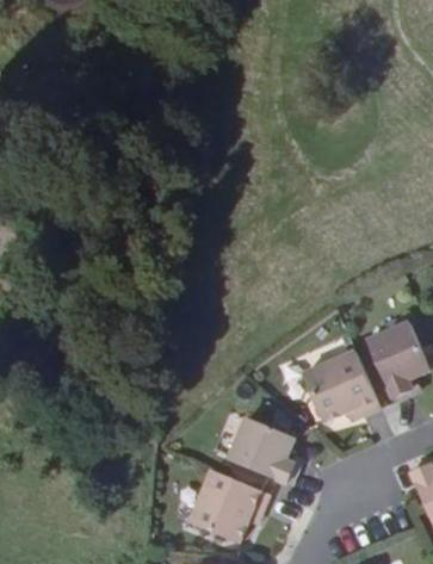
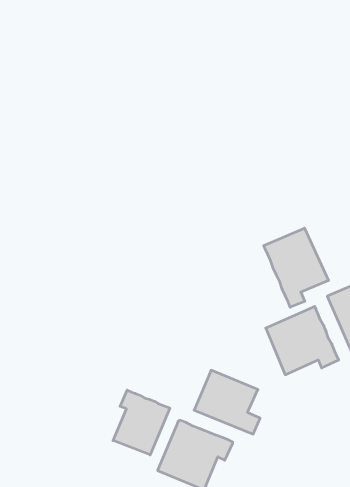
building: none -> [264,228,328,307]
building: none -> [113,390,170,455]

